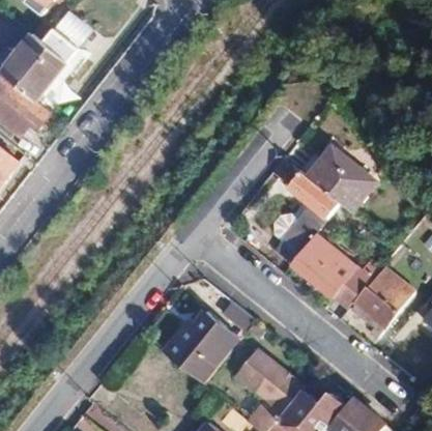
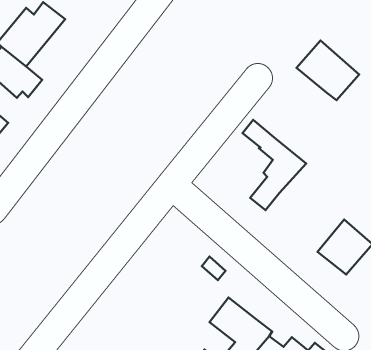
building: [309,145,377,210] -> [297,40,359,100]
building: [290,234,345,297] -> none
building: [165,311,239,384] -> none

